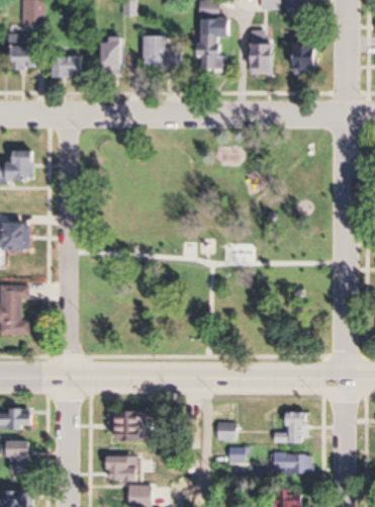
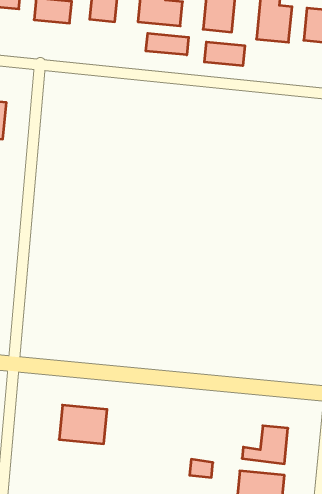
building: none -> [146,33,189,55]
building: none -> [204,42,245,66]
building: [214,422,237,441] -> none
building: [106,455,140,481] -> none

